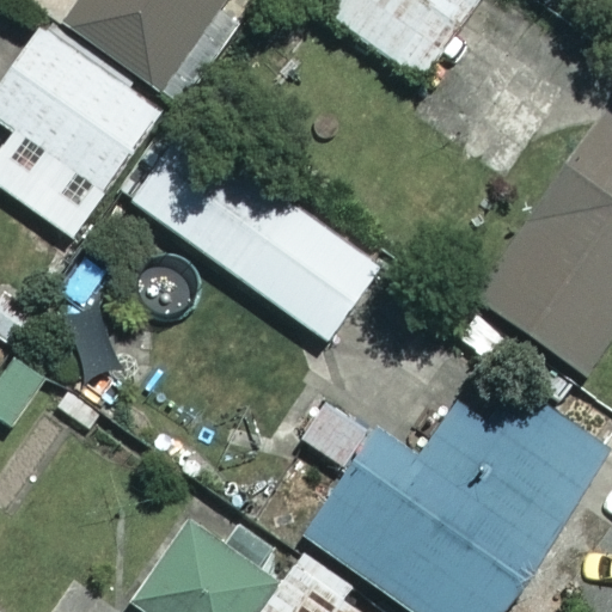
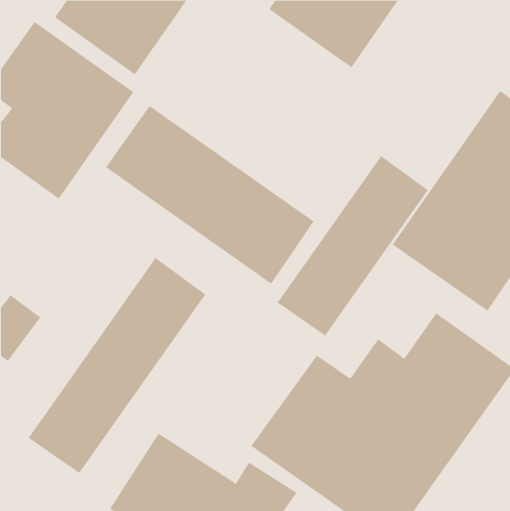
building: none -> [277,155,429,337]
building: none -> [28,257,206,474]

